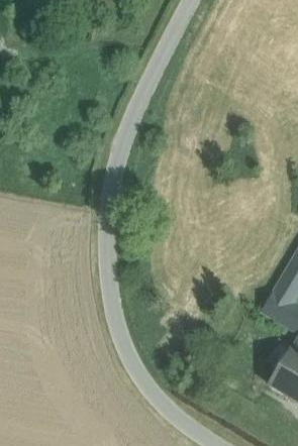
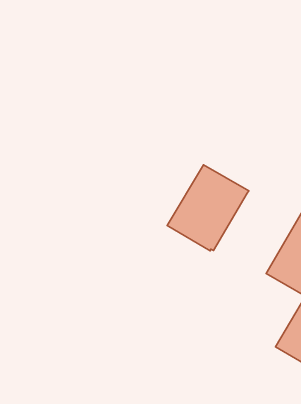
building: none -> [167,165,249,251]

